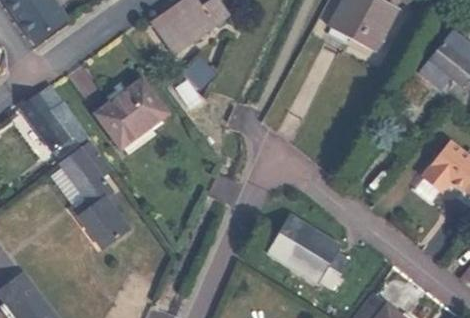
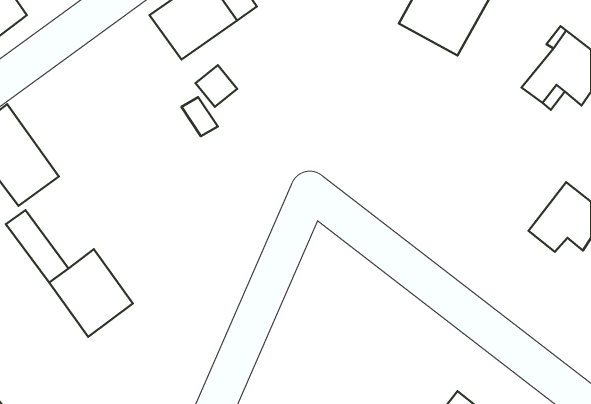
building: [96,81,165,146] -> none
building: [62,142,111,204] -> none
building: [272,218,355,292] -> none

